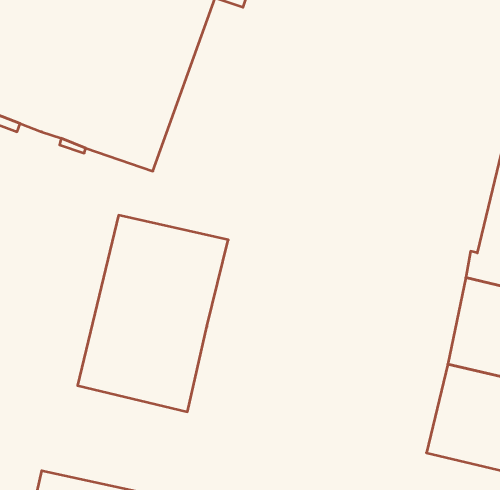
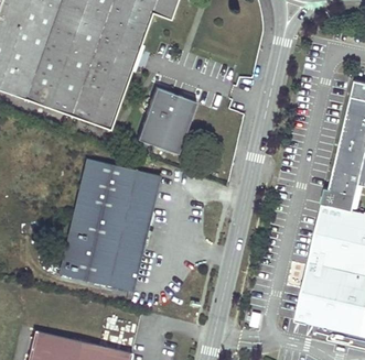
building: none -> [138,88,196,154]

